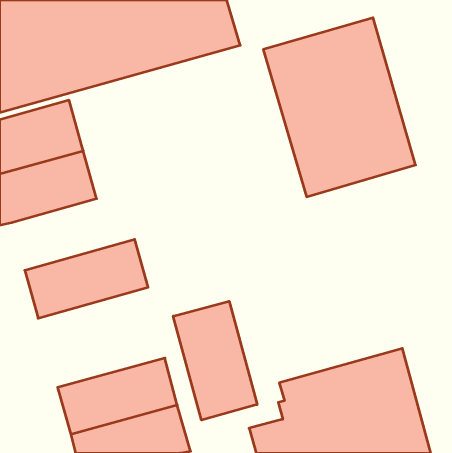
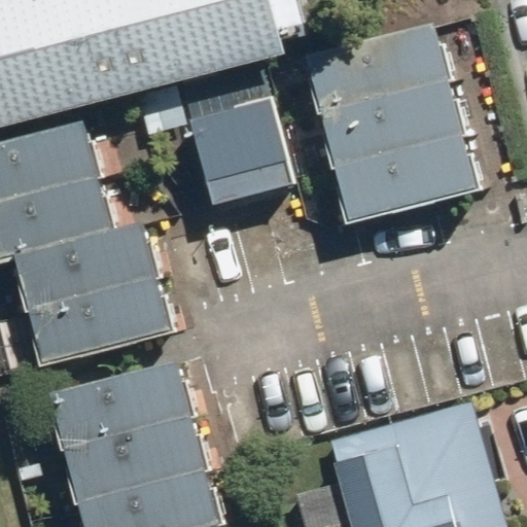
building: none -> [189,99,292,205]
building: none -> [13,222,156,314]
building: [173,301,257,420] -> none
building: none -> [50,358,191,450]

